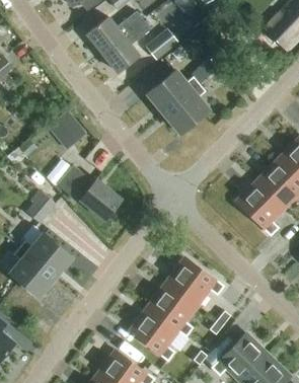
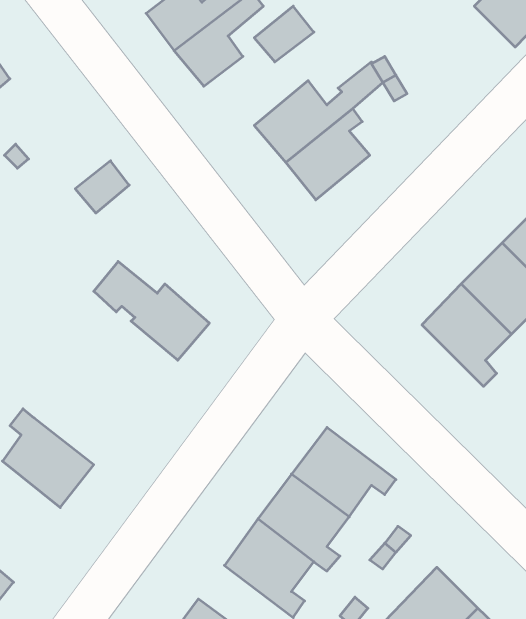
building: [25,189,56,223] -> none
building: [20,230,77,278] -> none

